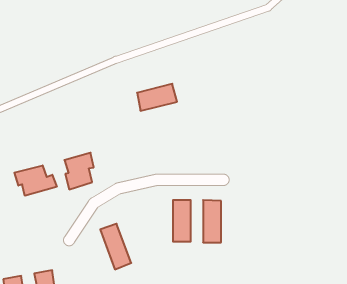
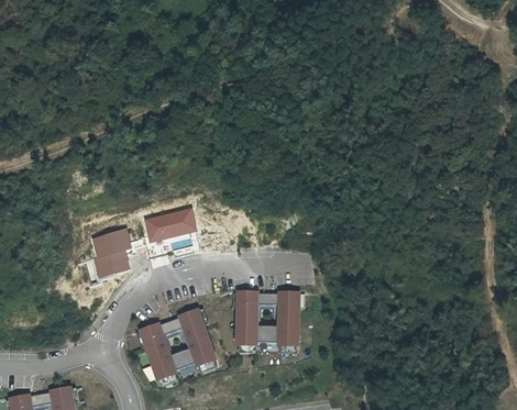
building: [137,84,177,111] -> [142,207,196,243]
building: [14,165,57,196] -> none
building: none -> [177,309,218,369]

